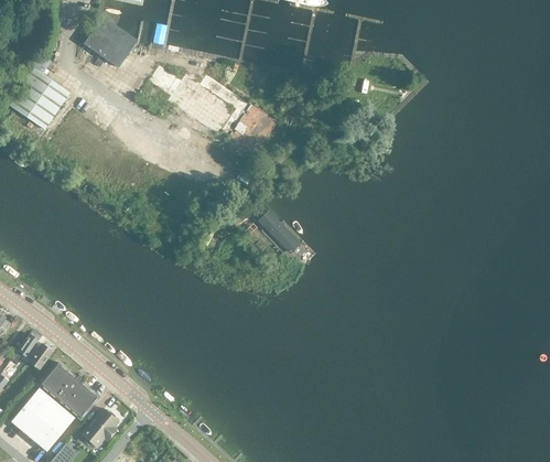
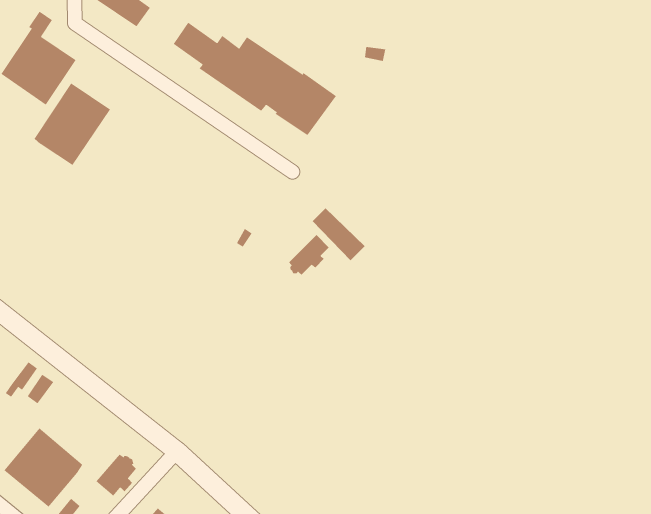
building: none -> [34,83,111,166]
building: none -> [289,234,330,275]
building: [39,362,99,419] -> none

